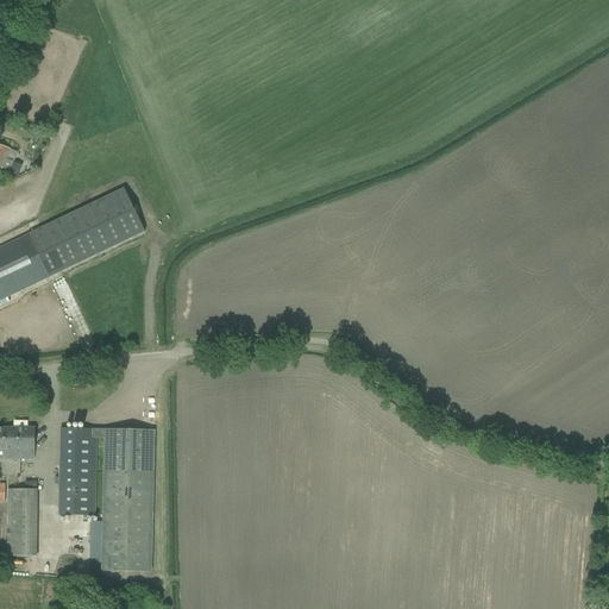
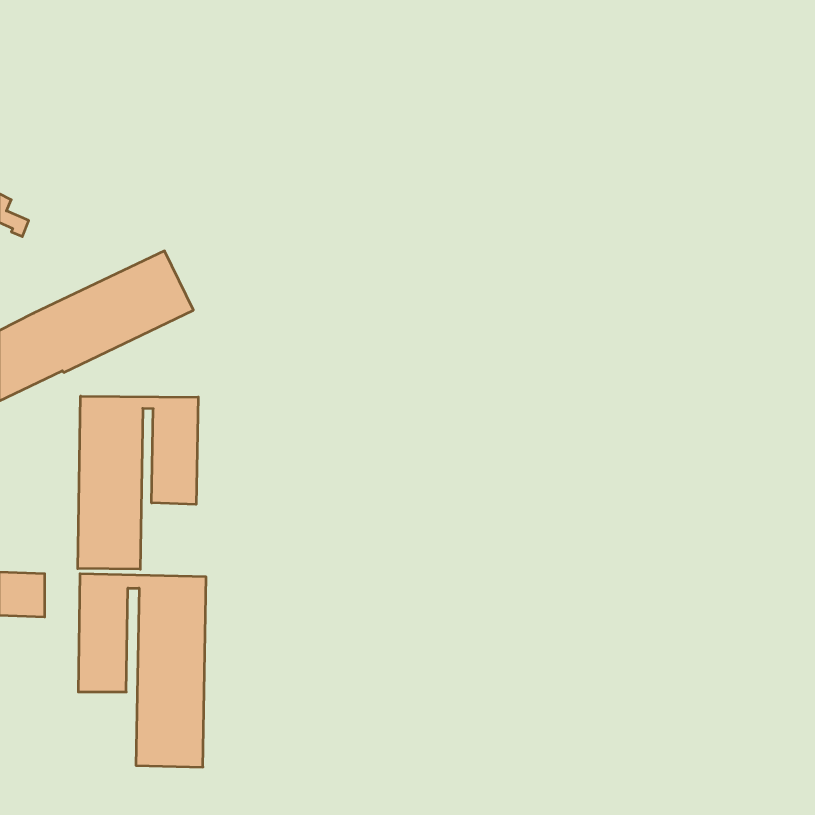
building: none -> [78,396,198,569]
building: [7,489,36,555] -> none

